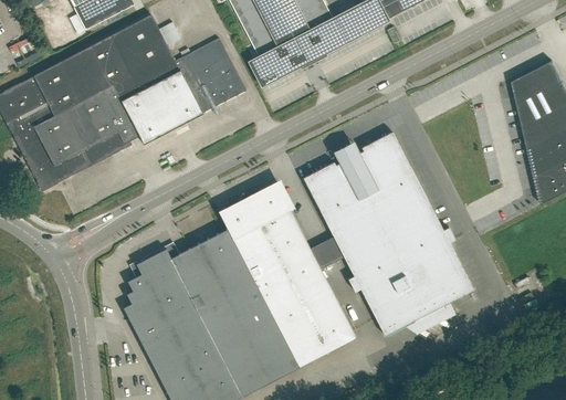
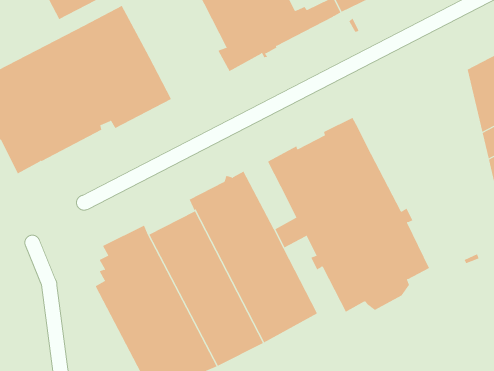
building: [176,38,247,112] -> none

